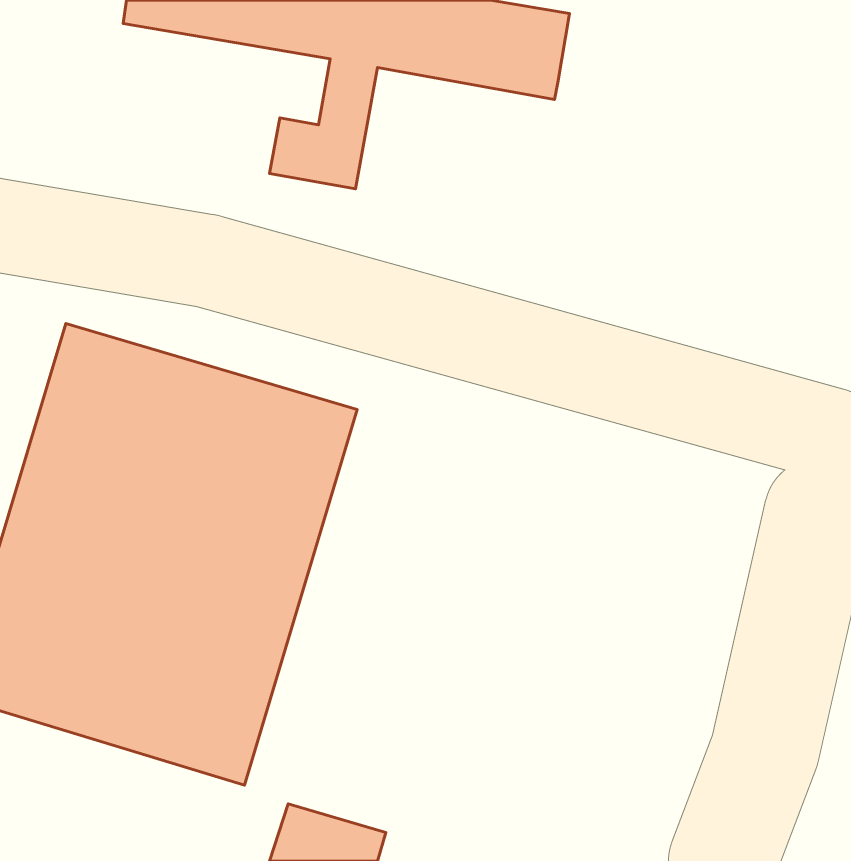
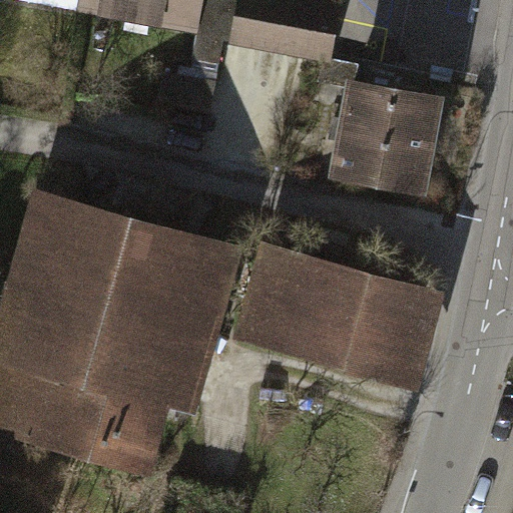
building: none -> [331,75,457,200]
building: none -> [241,248,426,374]

